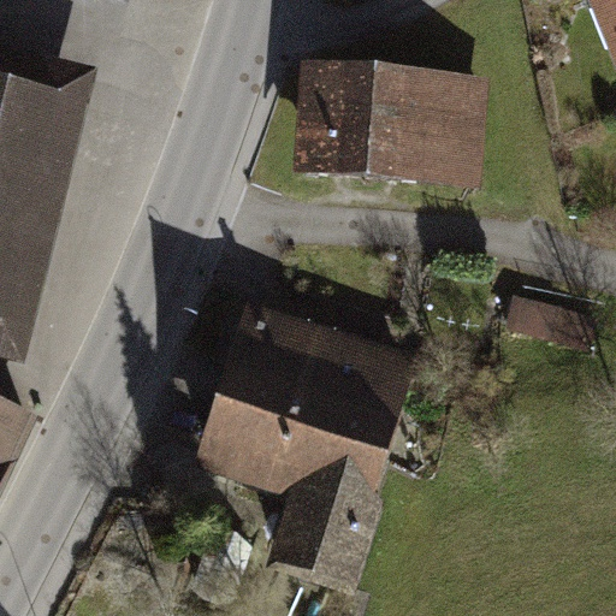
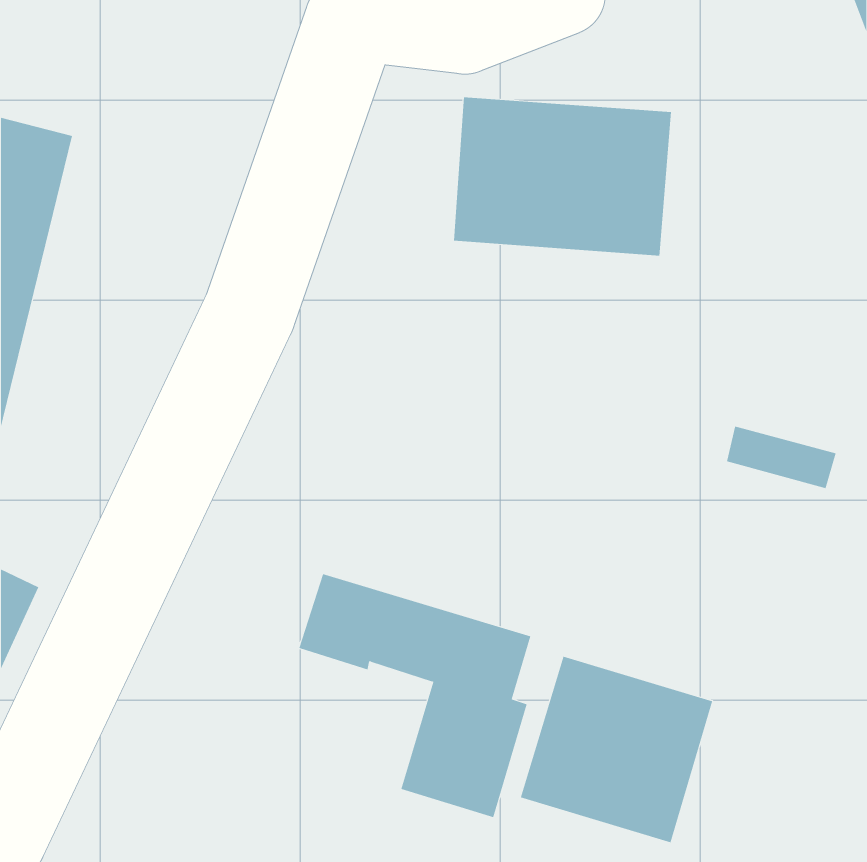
building: [229,320,403,451] -> none
building: none -> [520,656,713,843]

